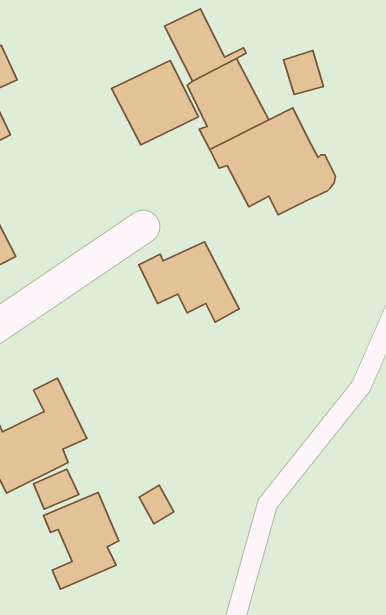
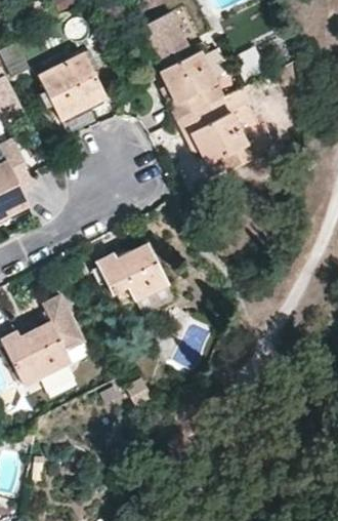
building: [111,61,198,145] -> [39,54,105,119]
building: [139,242,239,322] -> [97,245,174,307]
building: [43,492,119,589] -> none

